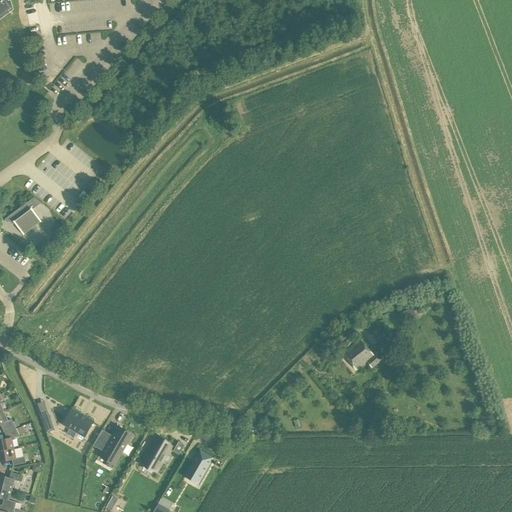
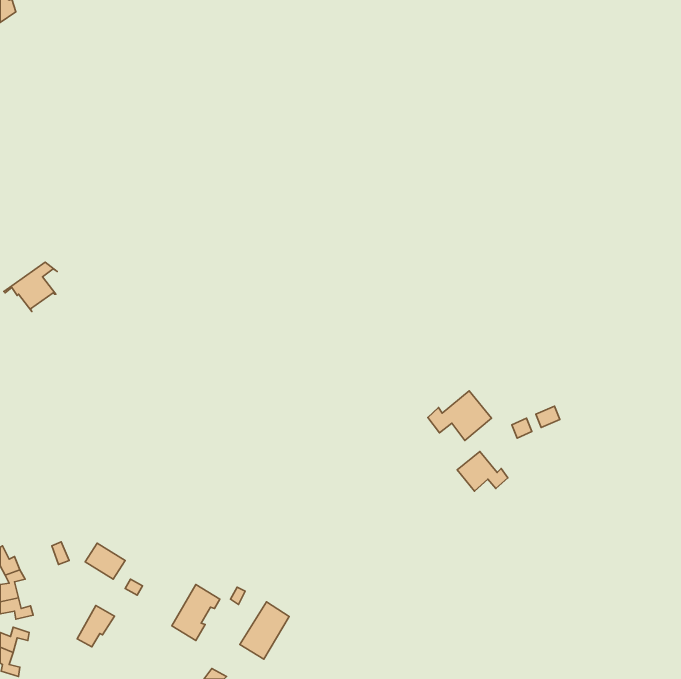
building: none -> [428,391,492,440]
building: [103,427,131,458] -> [77,606,114,647]

